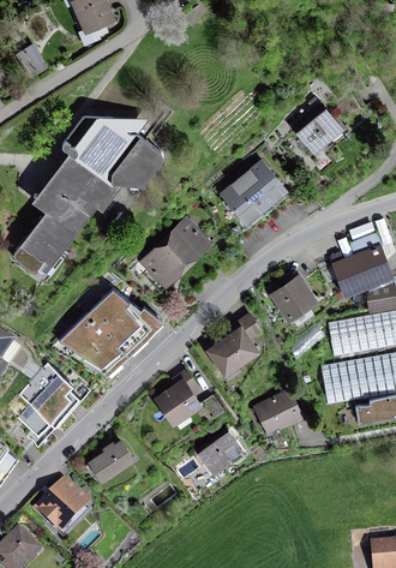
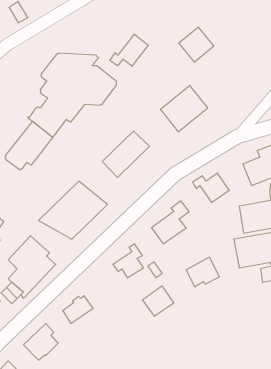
building: none -> [110,34,148,66]
building: [295,106,342,153] -> [179,27,214,62]

